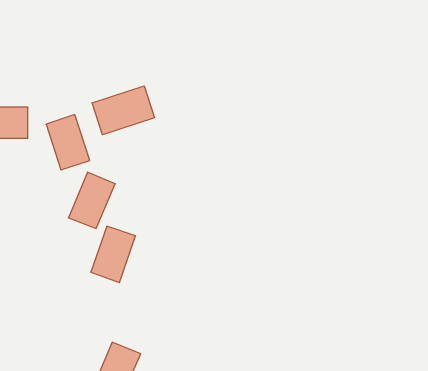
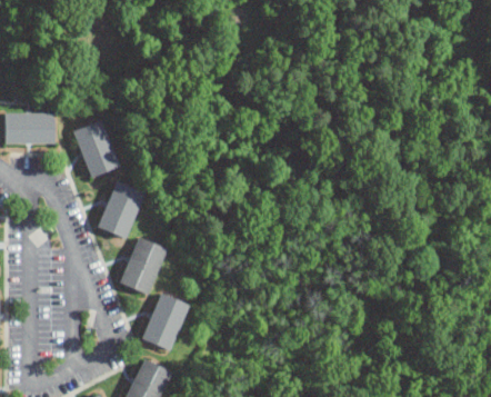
building: [92,86,154,135] -> none
building: none -> [141,292,189,351]

